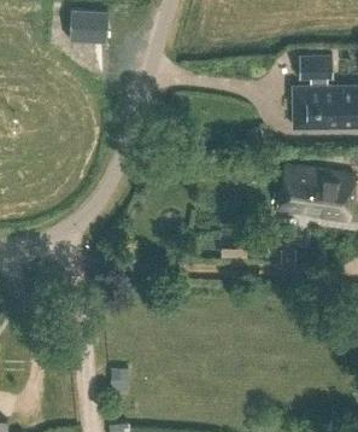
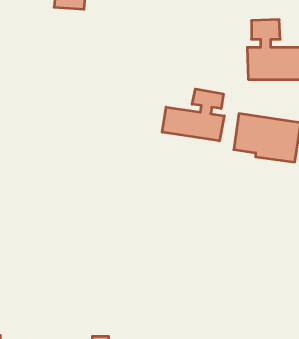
building: none -> [162,89,224,141]

